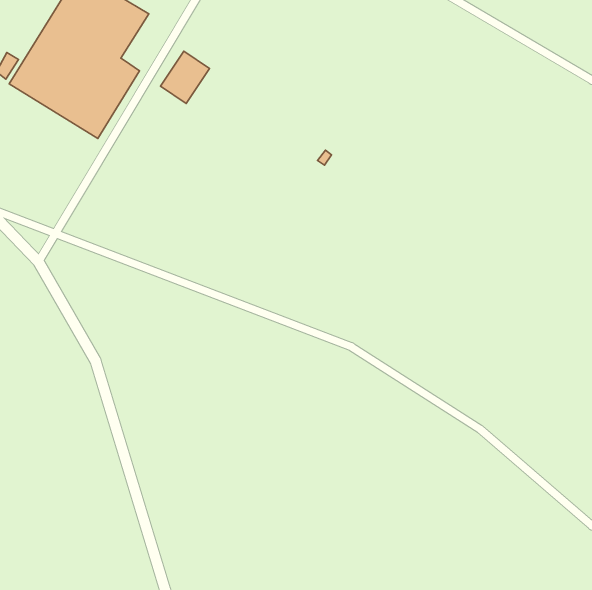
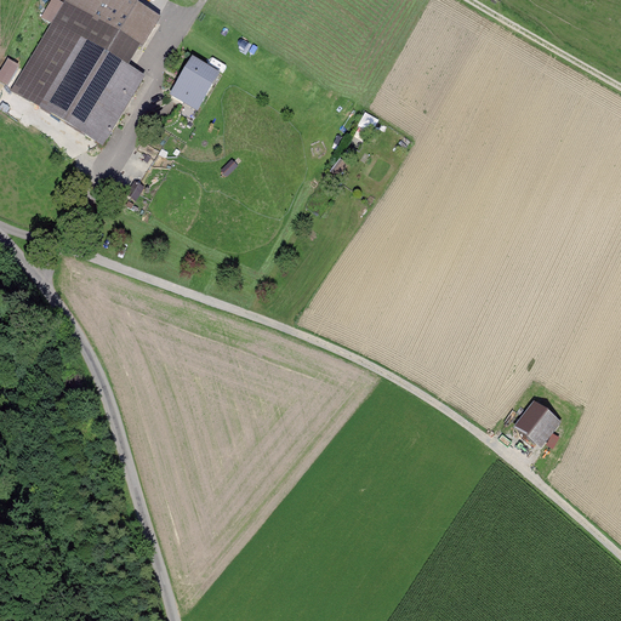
building: none -> [518,399,565,446]

